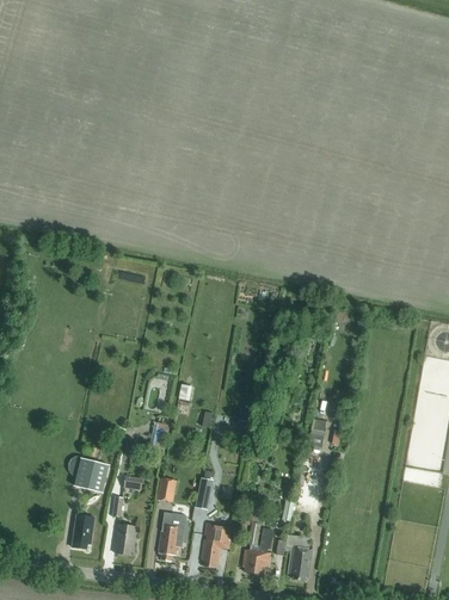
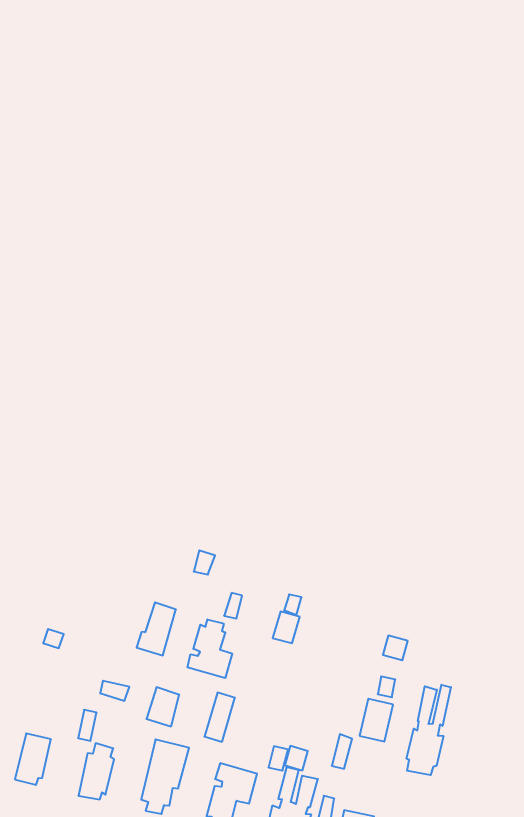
building: none -> [187,619,232,678]
building: [74,458,109,493] -> none
building: none -> [407,685,451,775]

